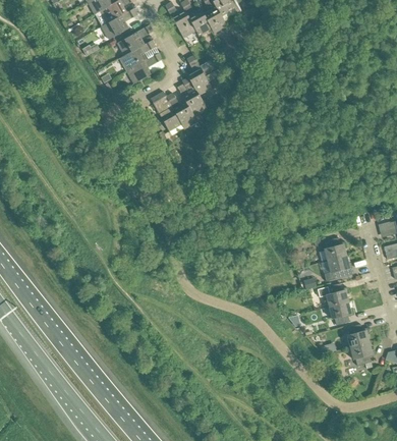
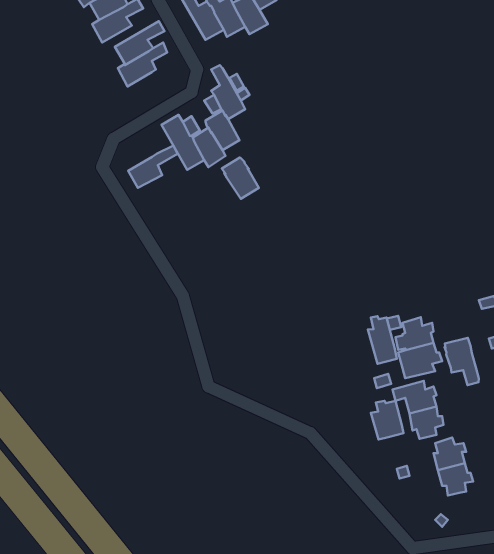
building: [126,53,162,84] -> [128,145,178,188]
building: none -> [222,157,259,199]
building: none -> [368,316,397,364]
building: none -> [445,338,479,385]
building: none -> [371,401,403,439]

